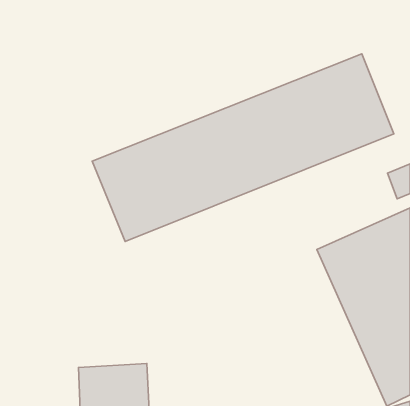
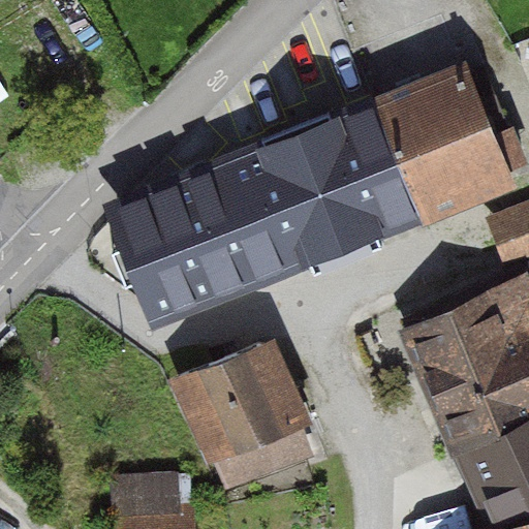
building: none -> [172,342,306,494]

